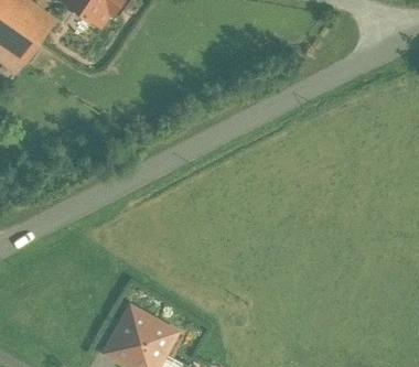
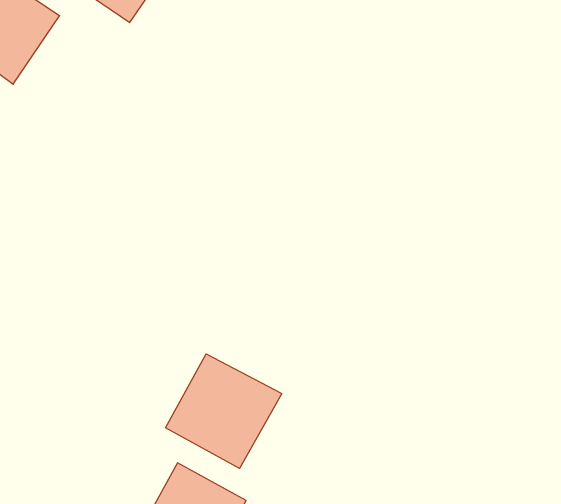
building: none -> [166,354,282,468]

